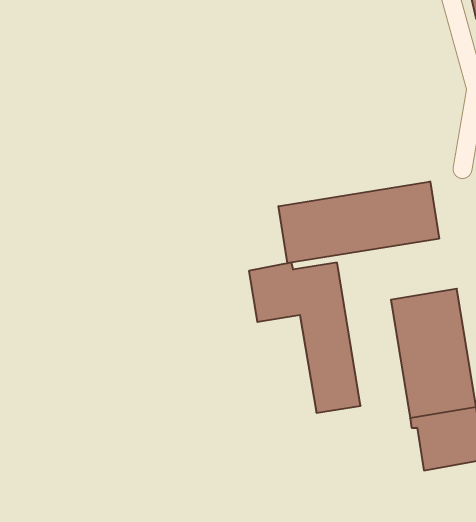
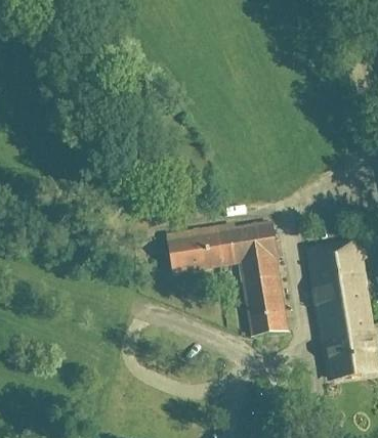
building: [279,181,439,263] -> none
building: none -> [172,229,212,272]

